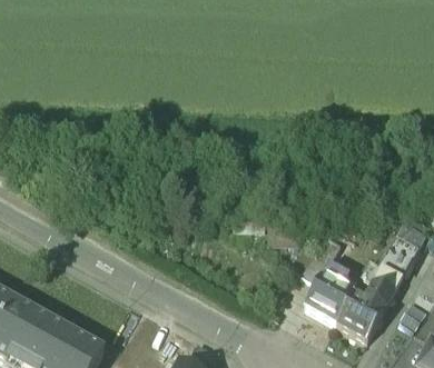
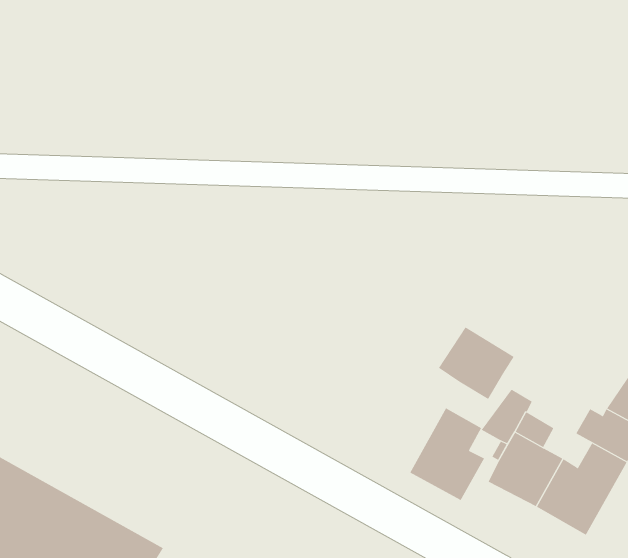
building: none -> [438,326,515,400]
building: none -> [410,408,485,501]

